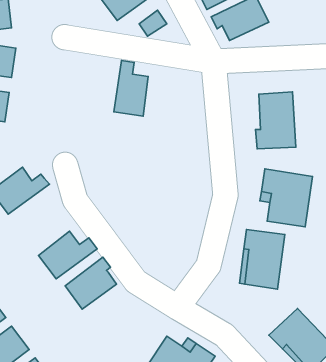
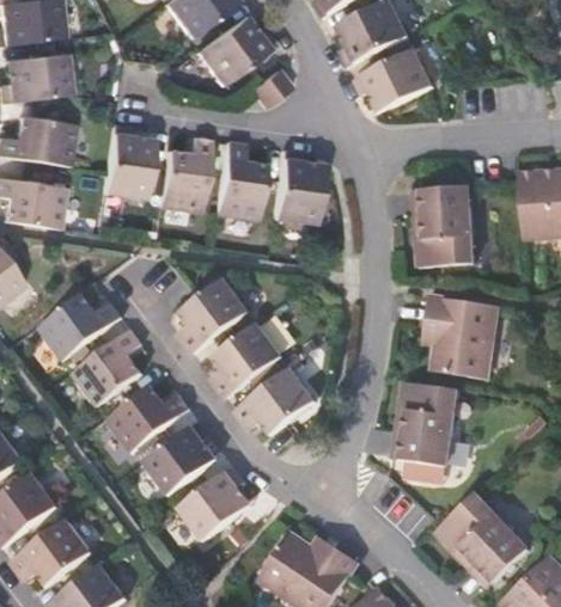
building: none -> [100,123,151,197]
building: none -> [157,135,209,210]
building: none -> [270,148,321,222]
building: none -> [178,277,249,351]
building: none -> [211,320,282,397]
building: none -> [72,327,141,405]
building: none -> [234,366,316,433]
building: none -> [177,465,250,539]

